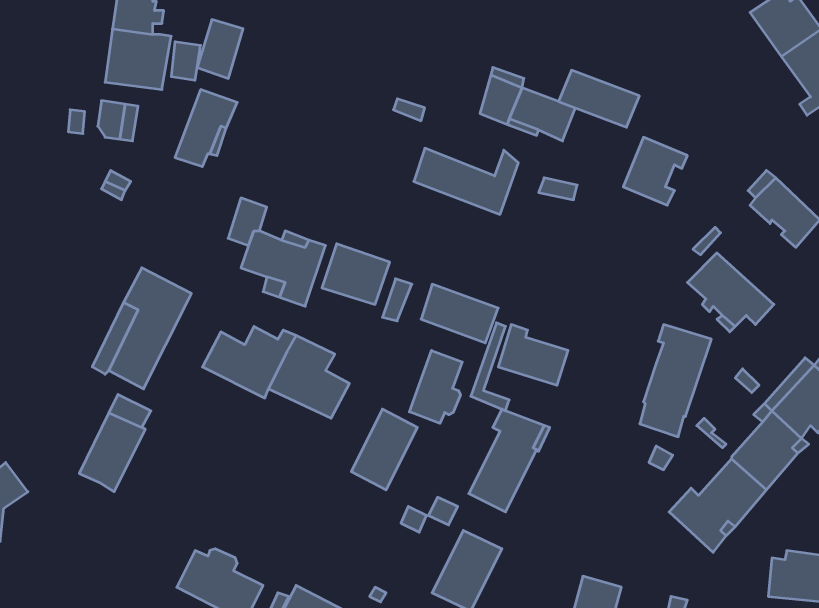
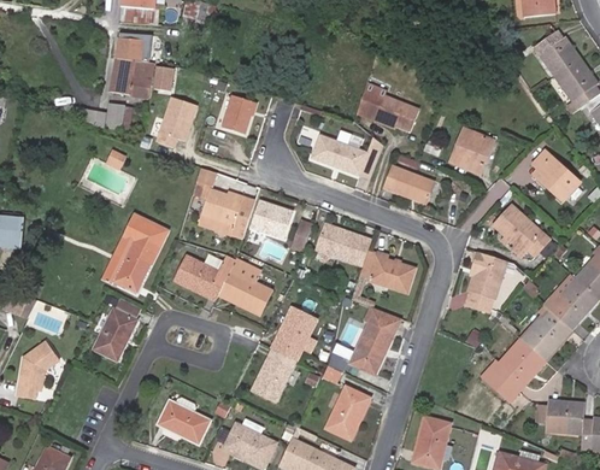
building: [197,20,243,78] -> [223,96,253,135]
building: [559,70,639,127] -> [382,166,435,204]
building: [409,350,462,423] -> none
building: none -> [252,348,295,401]

